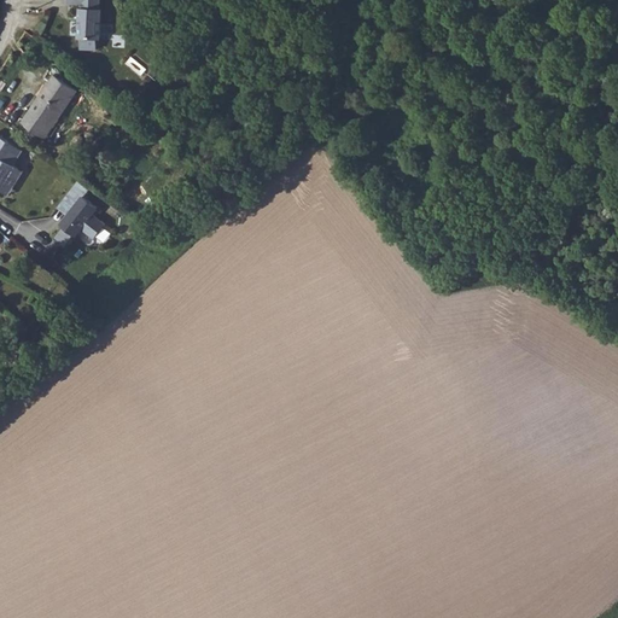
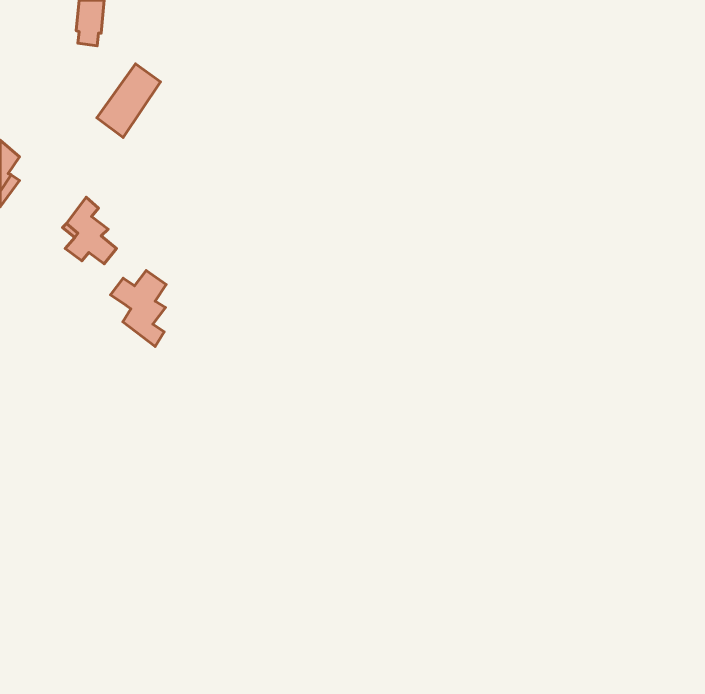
building: [22,75,77,139] -> [97,64,161,137]
building: none -> [111,271,166,346]

